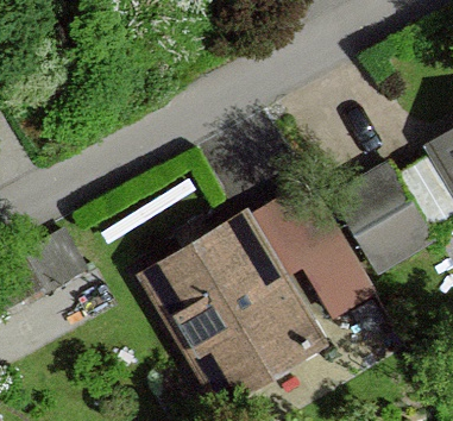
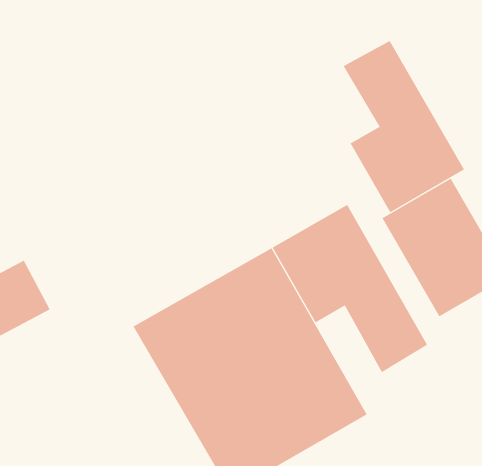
building: none -> [343,40,465,213]

